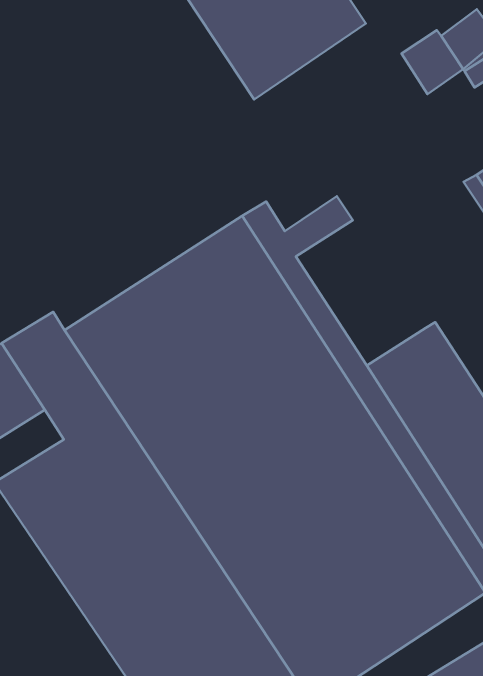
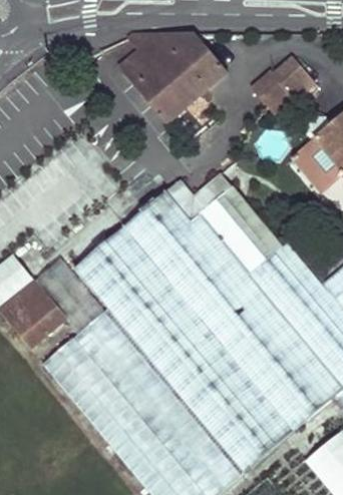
building: none -> [202,187,283,272]

